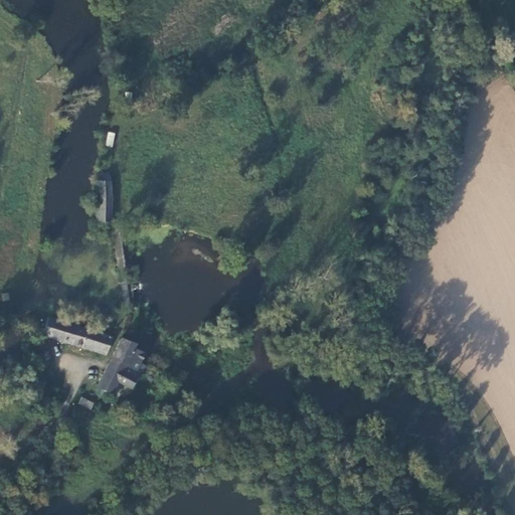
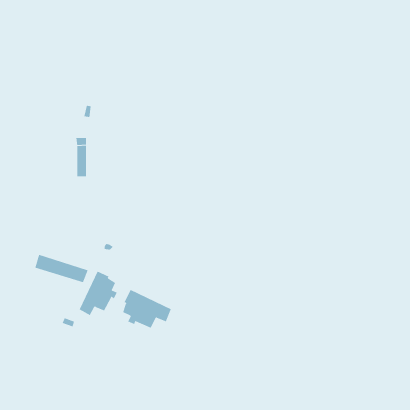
building: none -> [123,289,171,328]

